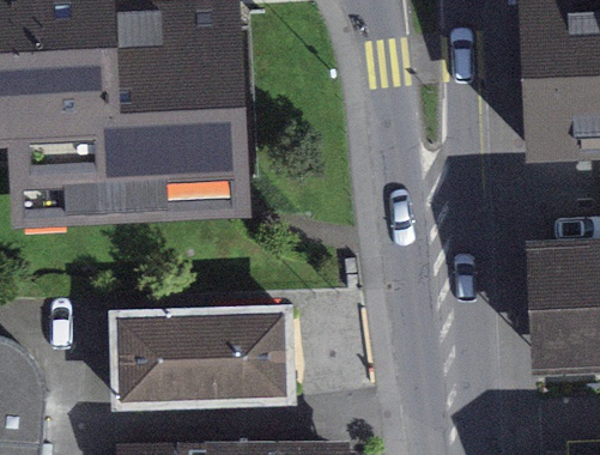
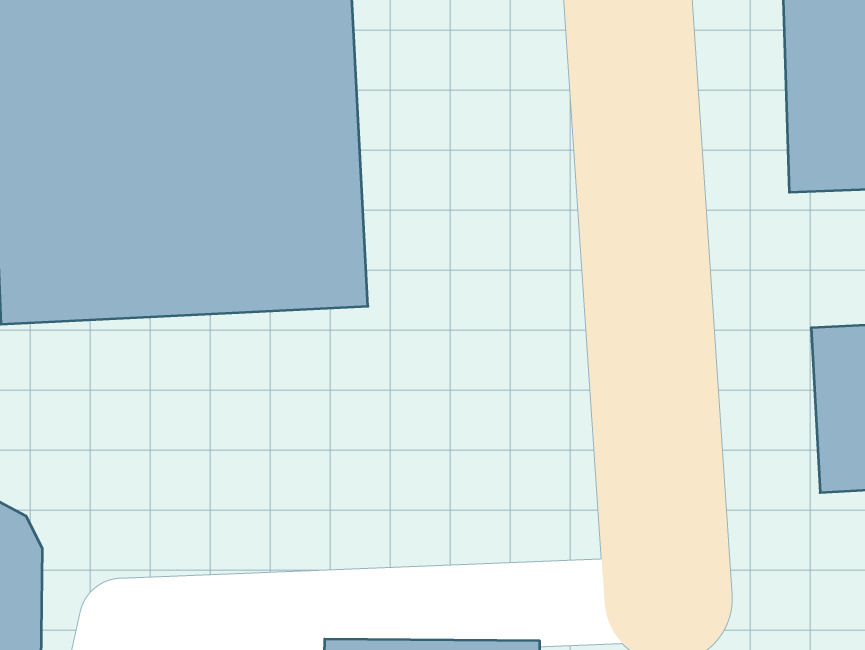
building: [105,304,287,413] -> none

